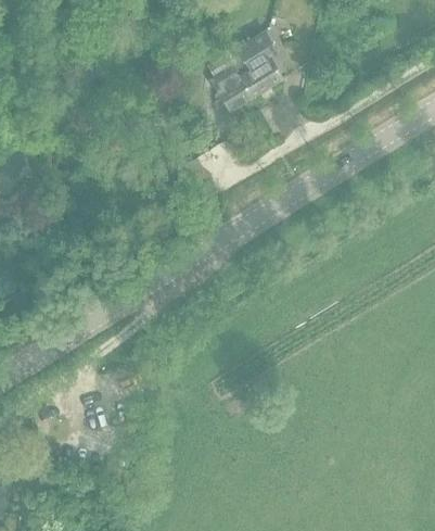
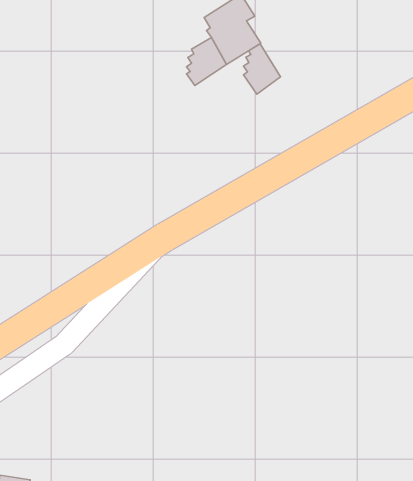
building: none -> [243,44,281,94]

